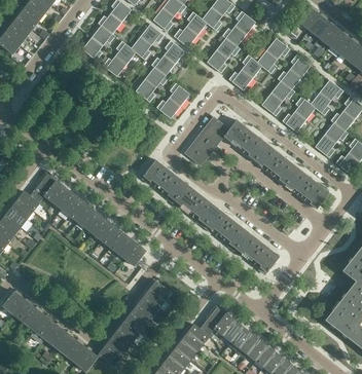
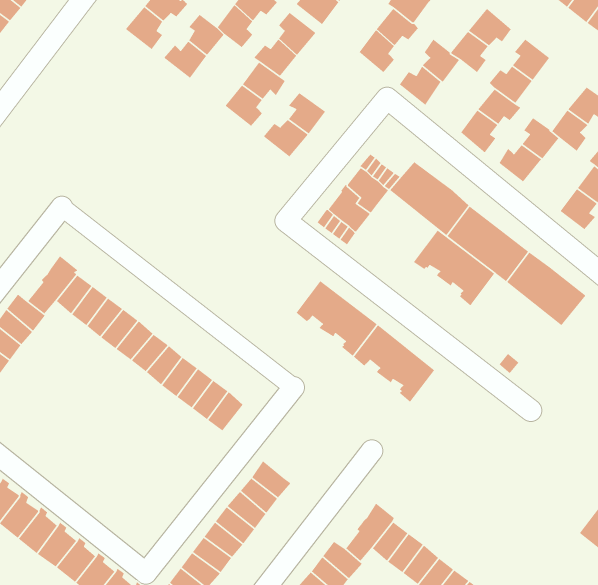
building: [142,159,186,201] -> none
building: [234,232,279,273] -> [413,229,495,306]

